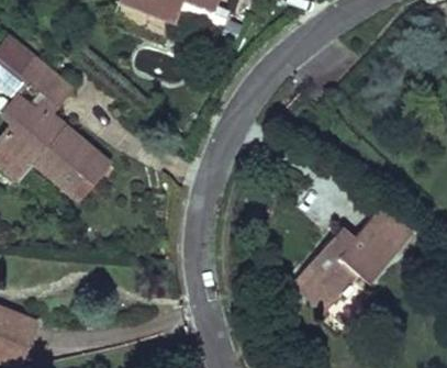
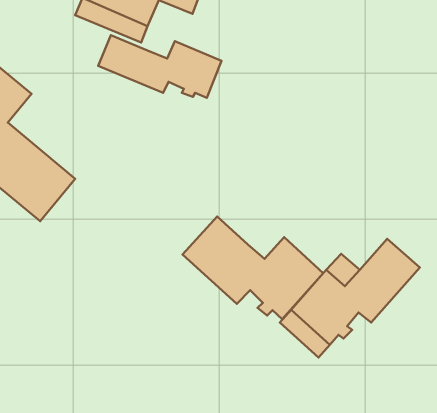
building: none -> [98,35,222,98]
building: none -> [183,217,323,319]

